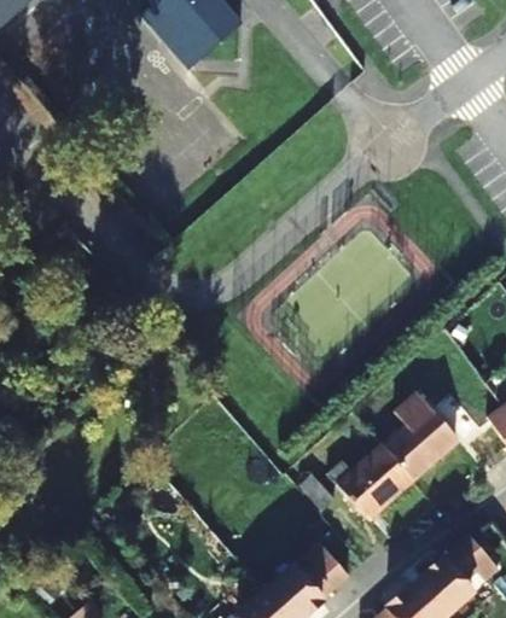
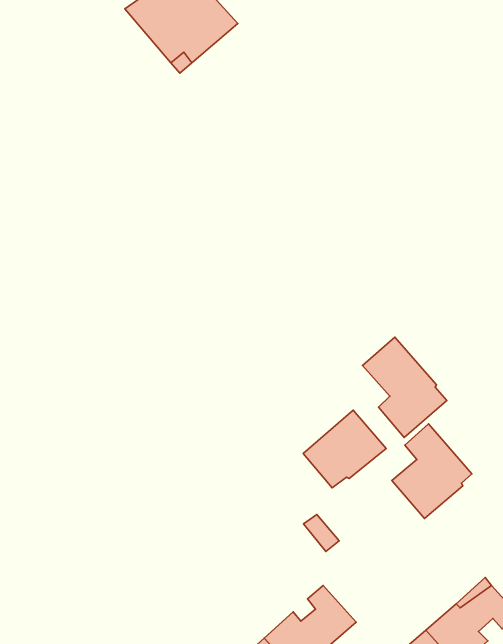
building: none -> [363,337,447,437]
building: [337,444,413,515] -> [303,410,386,488]

